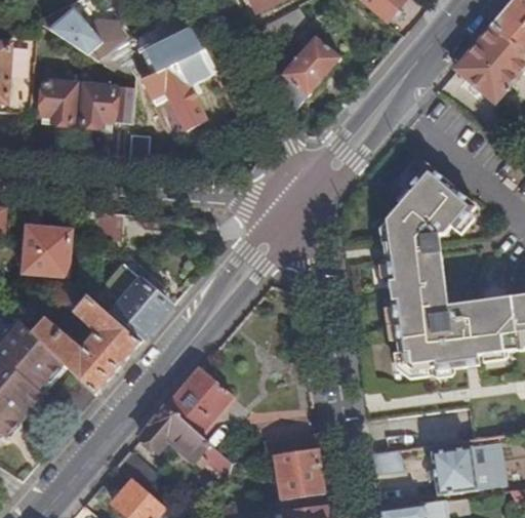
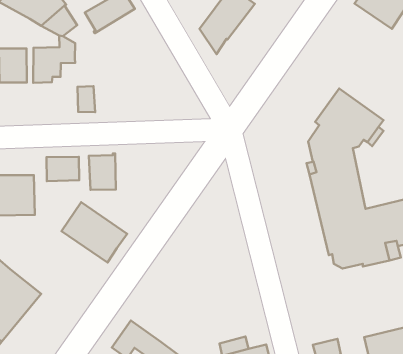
building: [130,50,215,129] -> none
building: none -> [89,153,116,190]
building: [34,291,140,395] -> none
building: [166,367,232,434] -> none

